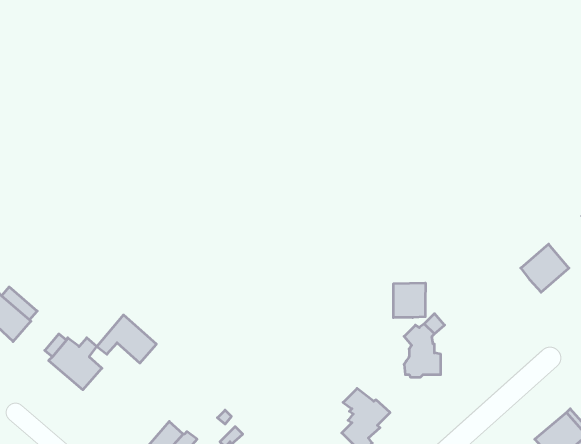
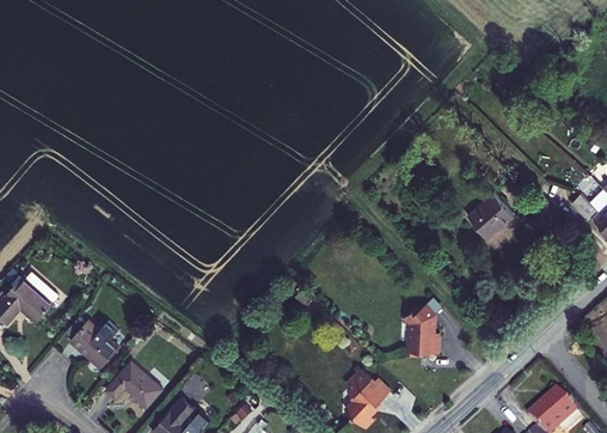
building: [521,244,569,292] -> [467,193,513,238]
building: [393,283,425,318] -> none
building: [97,315,156,363] -> [106,361,163,407]

